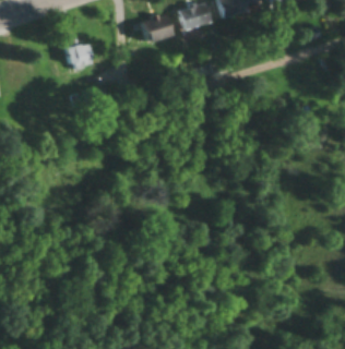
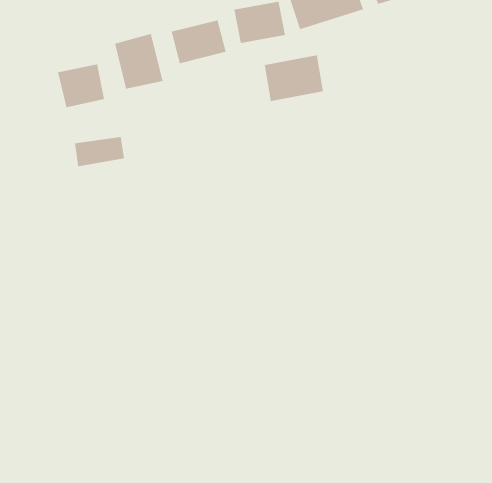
building: none -> [115,33,163,89]
building: none -> [264,55,324,102]

